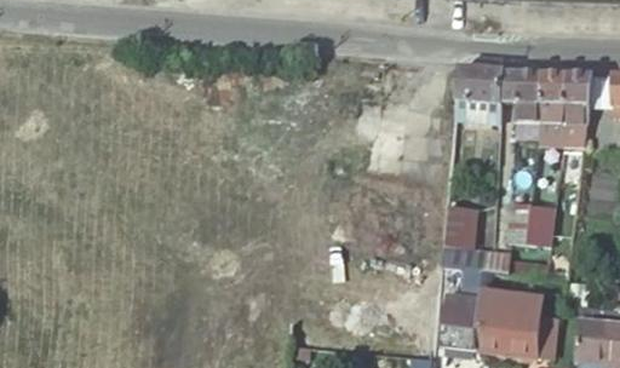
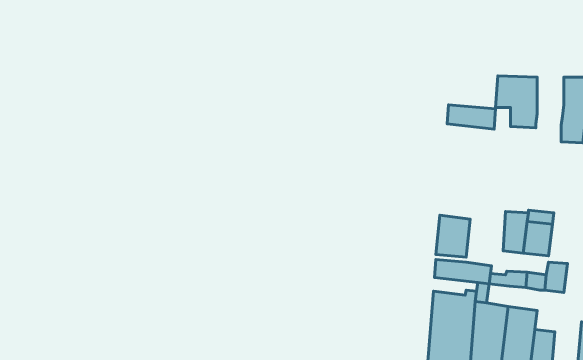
building: [457,69,504,104] -> none
building: [539,74,567,138] -> none

